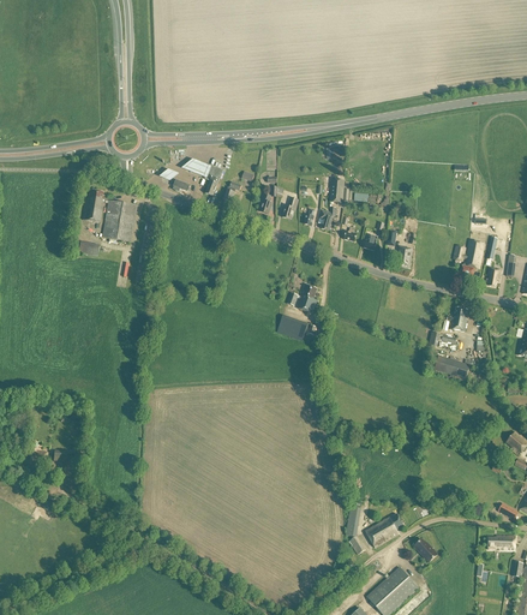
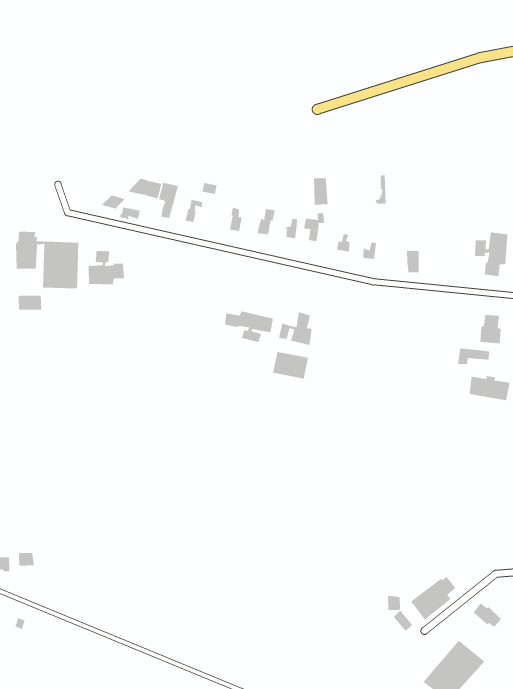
building: none -> [88,250,124,285]
building: none -> [225,311,274,343]

